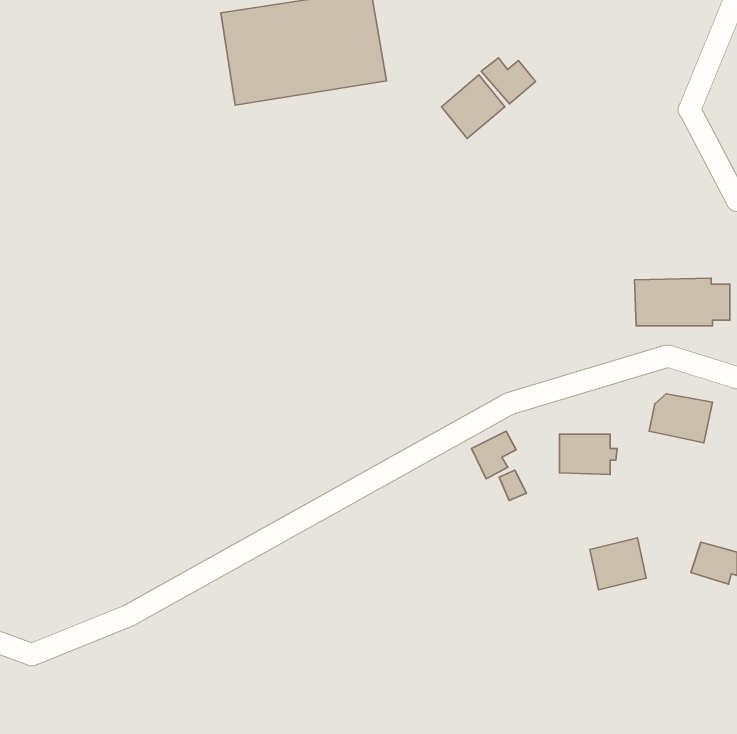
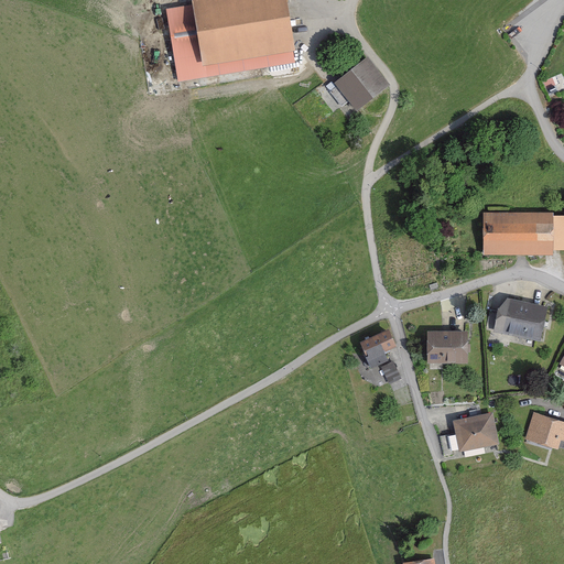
building: [481,58,536,104] -> none

